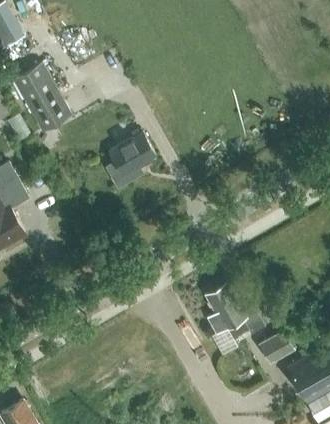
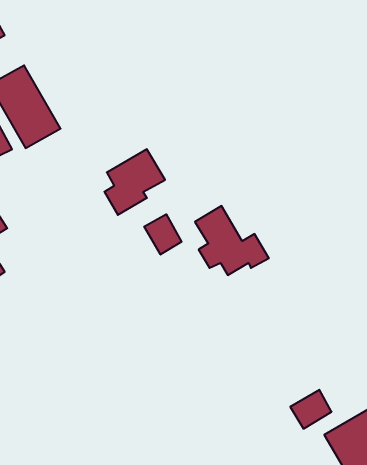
building: none -> [144,214,182,255]
building: [205,284,266,341] -> [195,206,269,275]

